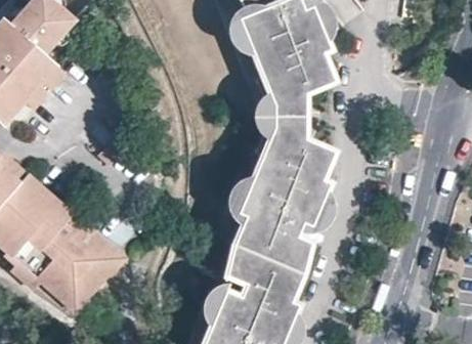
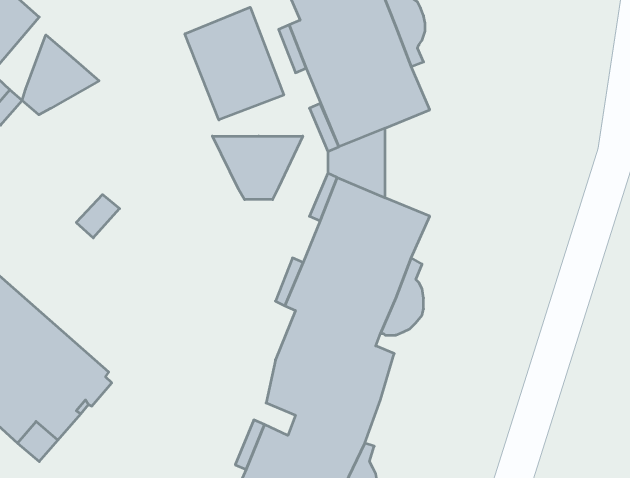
building: none -> [185,7,284,120]
building: none -> [22,35,99,115]
building: none -> [212,136,303,200]

